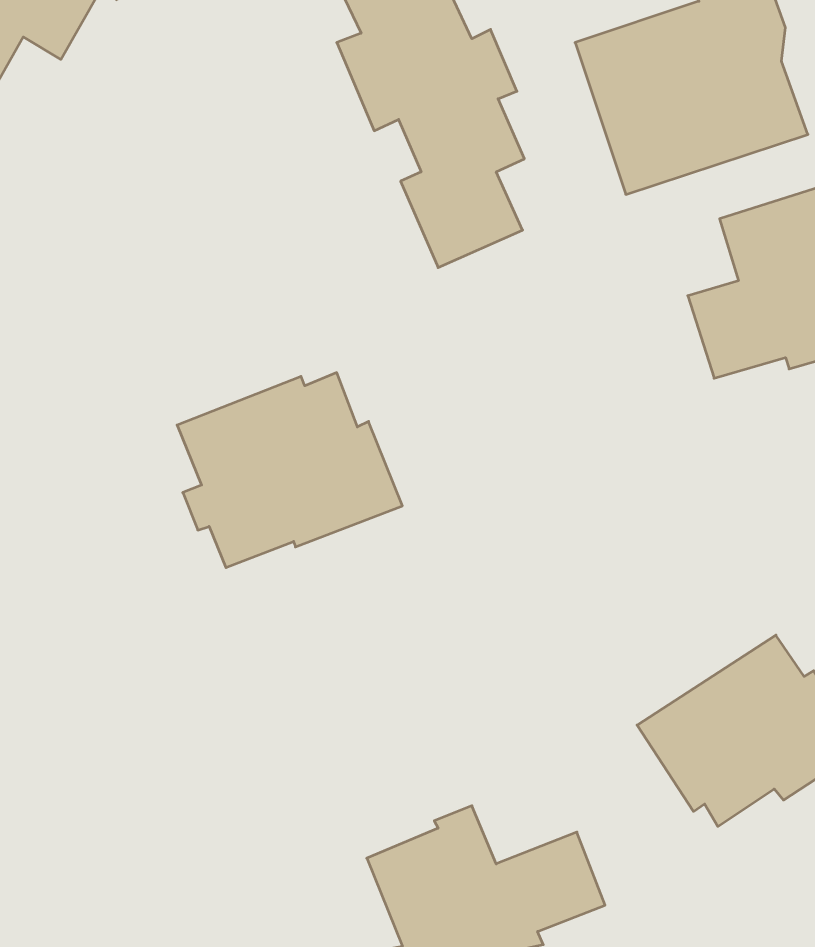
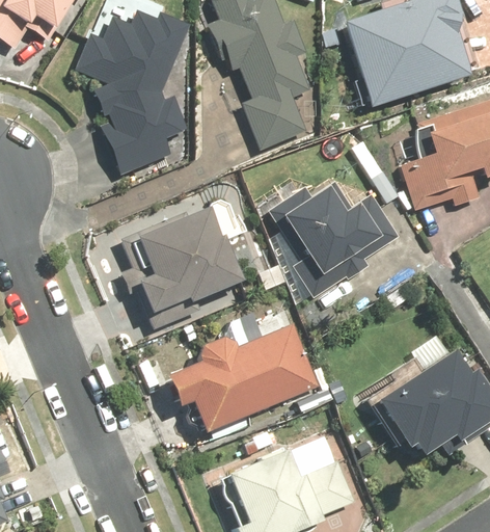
building: none -> [78,8,192,174]
building: none -> [271,181,402,297]
building: none -> [162,323,322,433]

